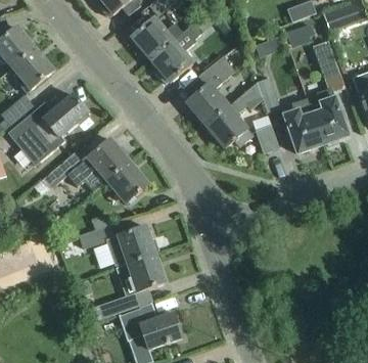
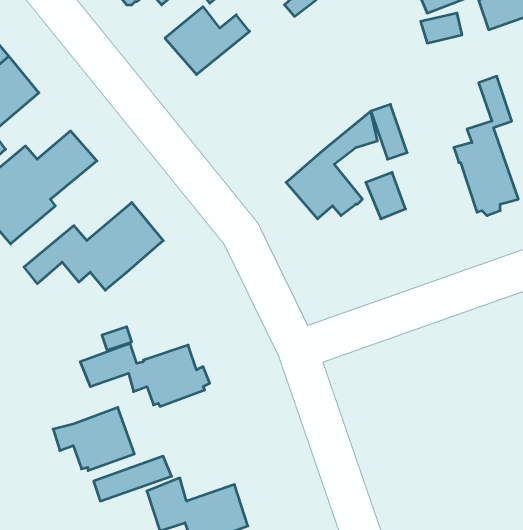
building: [150,21,200,82] -> none
building: [186,54,235,125] -> none
building: [284,109,323,152] -> none
building: [107,161,148,202] -> none
building: [116,253,166,291] -> [53,407,134,471]

